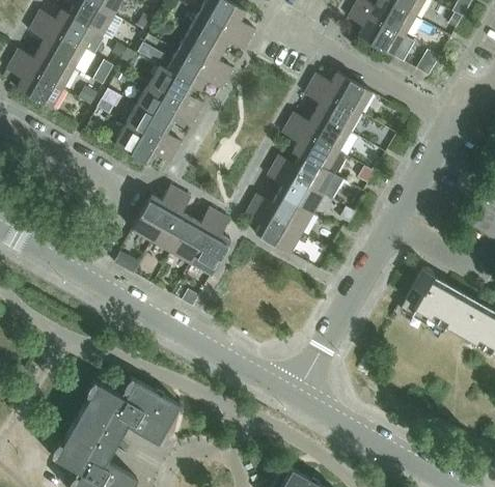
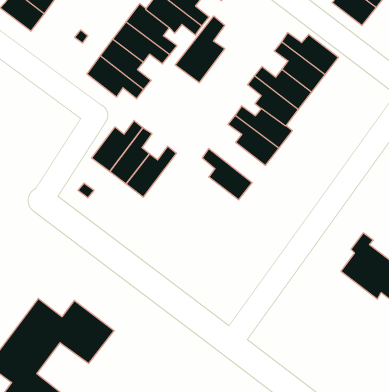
building: none -> [175,16,225,83]
building: [251,194,312,233] -> none
building: [191,213,231,275] -> none

